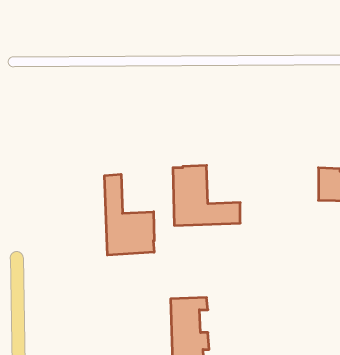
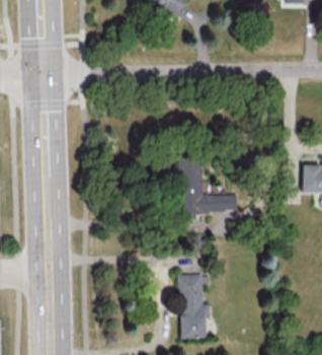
building: [105,174,154,255] -> none

